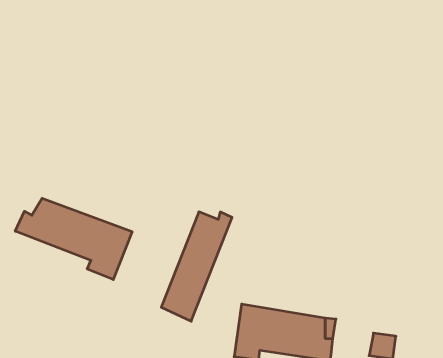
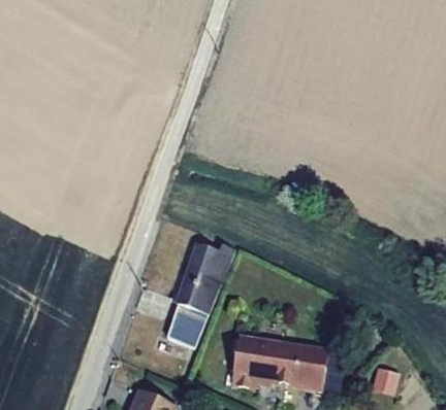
building: [15,198,132,280] -> none

